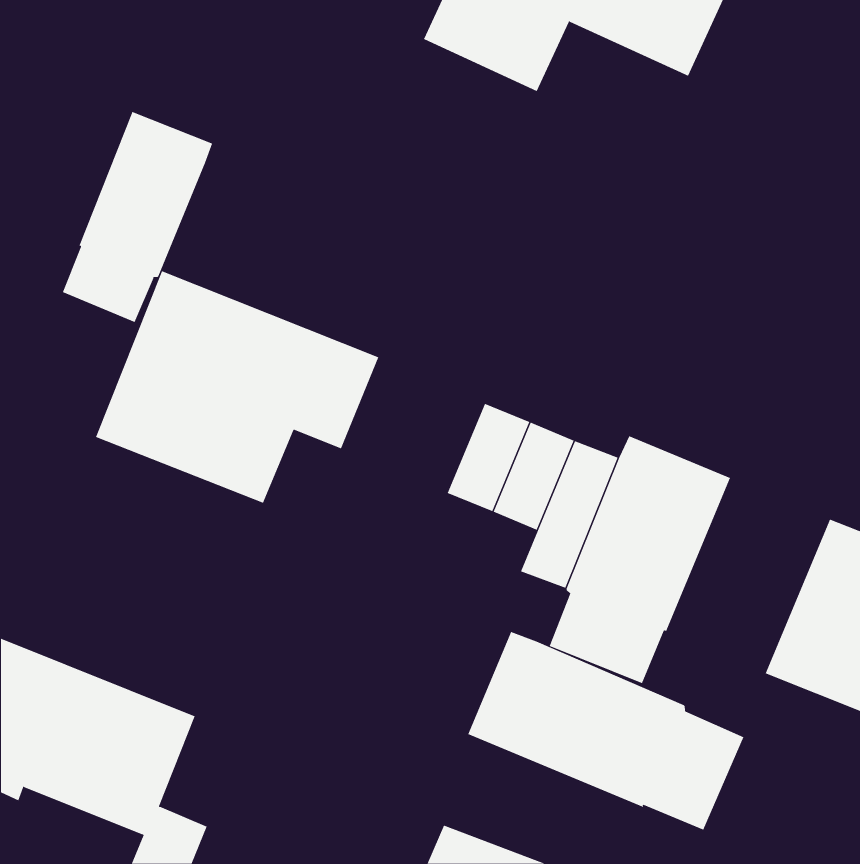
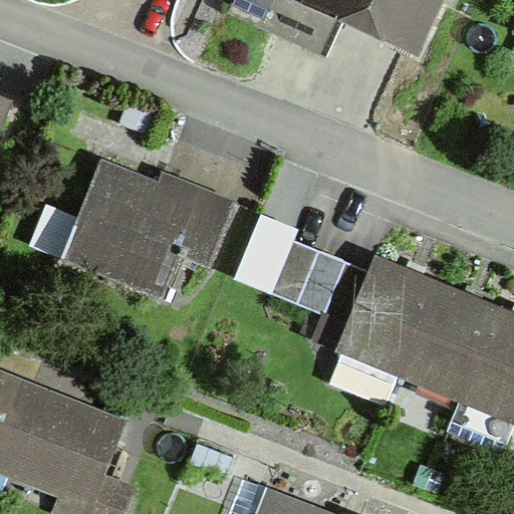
building: [62,111,213,323] -> none
building: none -> [399,282,495,398]
building: [468,631,744,830] -> none

